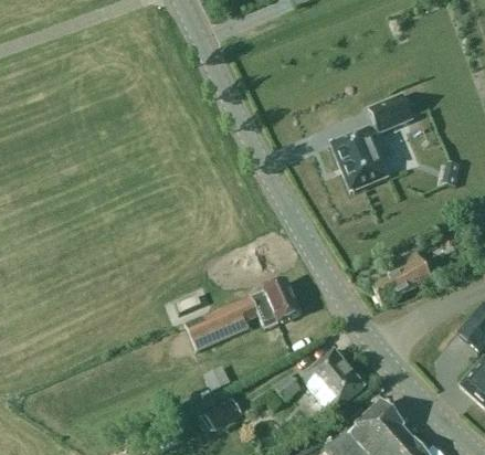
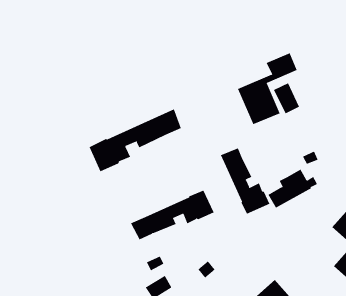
building: none -> [89,108,182,172]
building: none -> [220,148,270,214]
building: [304,348,368,413] -> none

